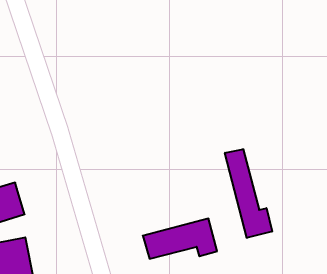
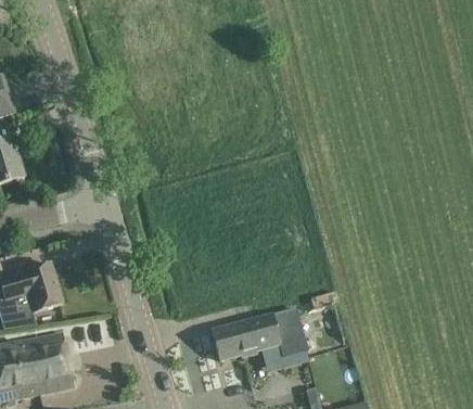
building: [225,149,272,238] -> none

